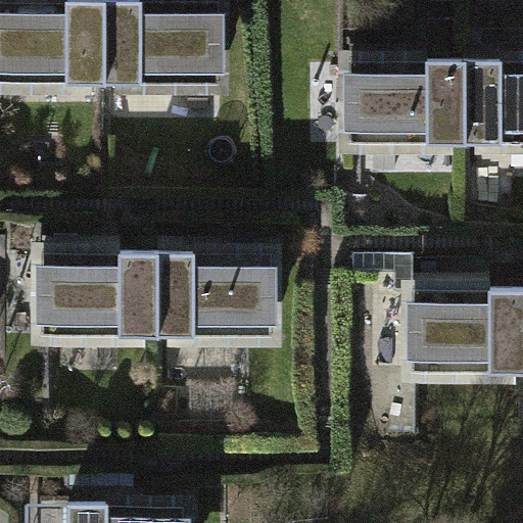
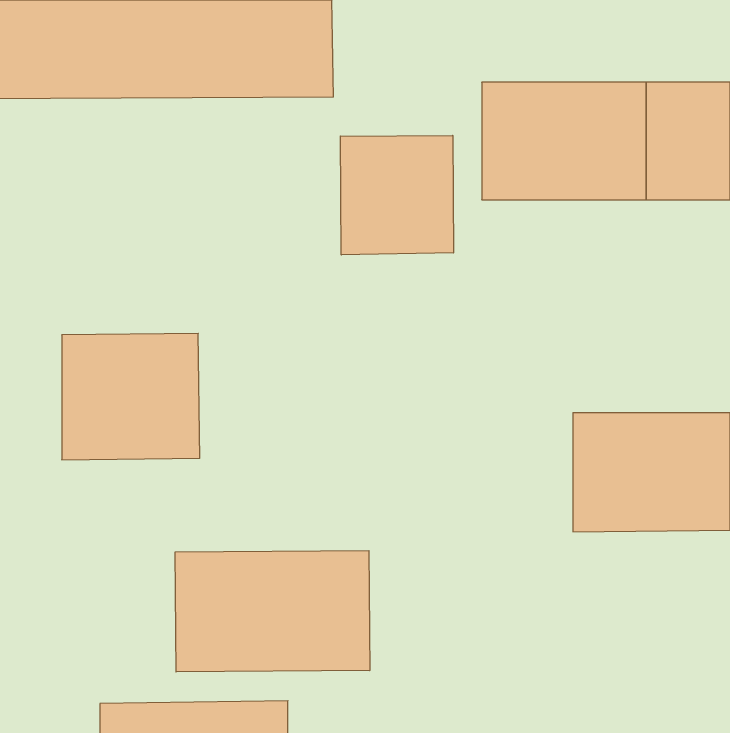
building: none -> [340,135,453,255]
building: [138,243,282,331] -> none
building: none -> [175,551,370,672]

